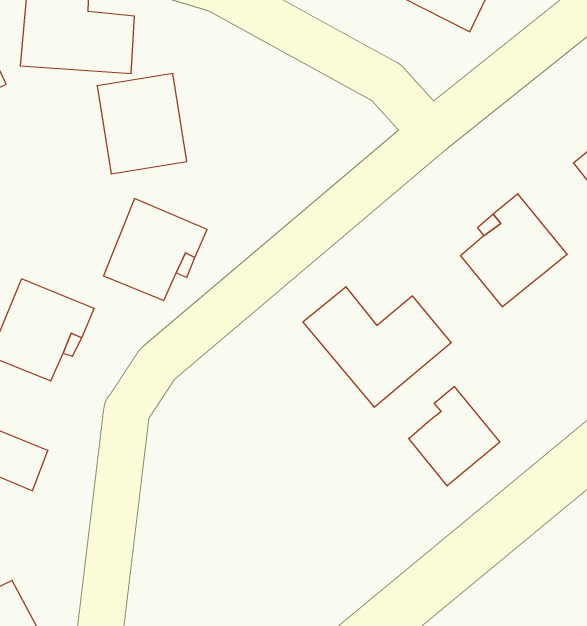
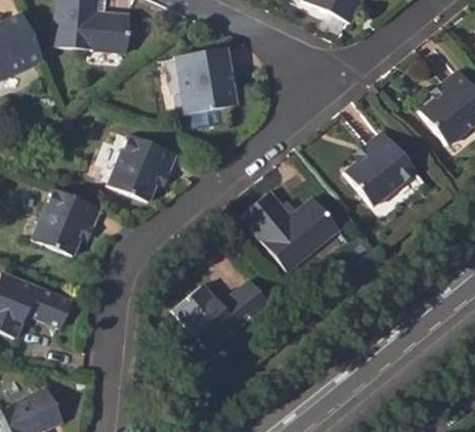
building: [97,73,187,174] -> [179,47,239,114]
building: [409,386,500,486] -> none
building: none -> [174,280,267,351]

